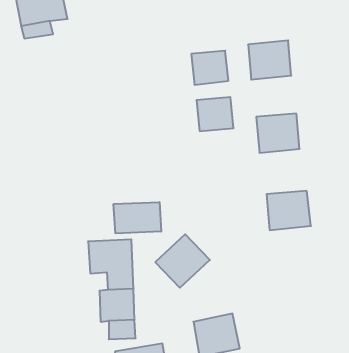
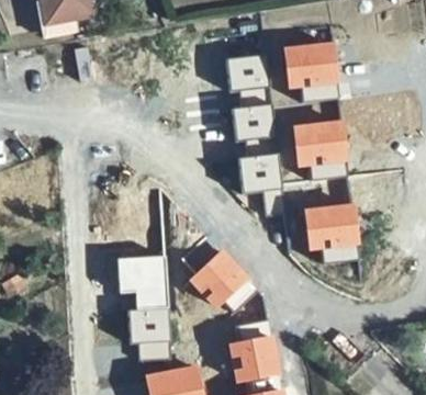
building: none -> [239,155,279,191]
building: [114,202,161,233] -> none

